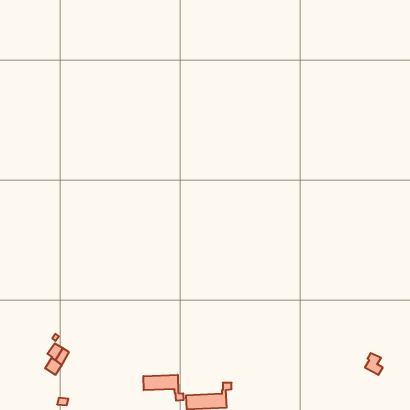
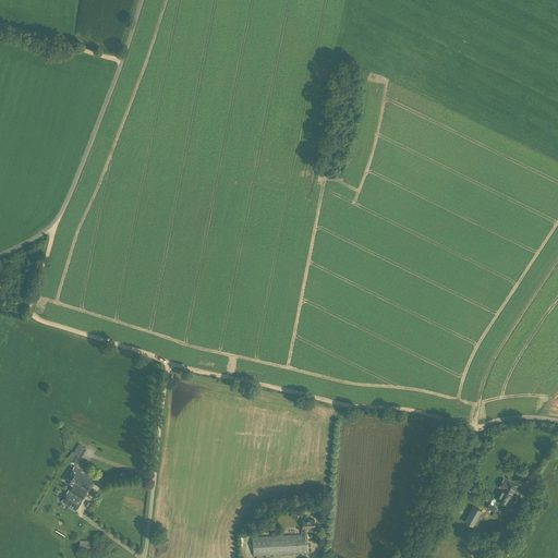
building: [143,375,184,401] -> none

